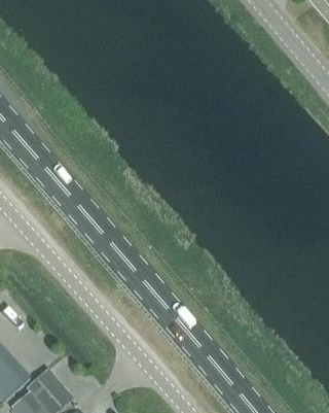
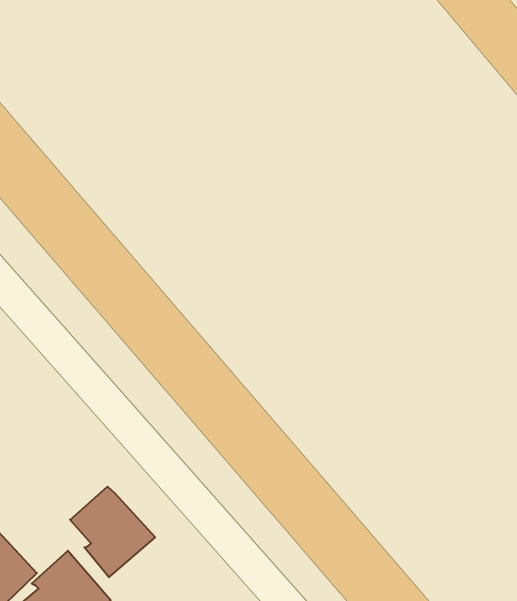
building: none -> [70,487,155,577]

